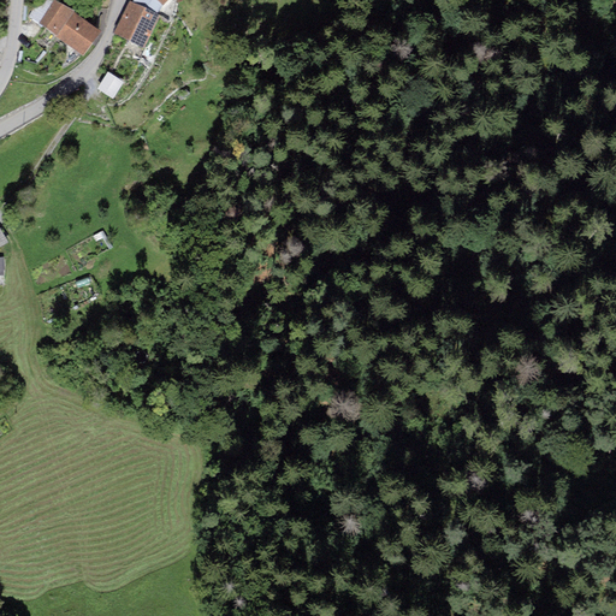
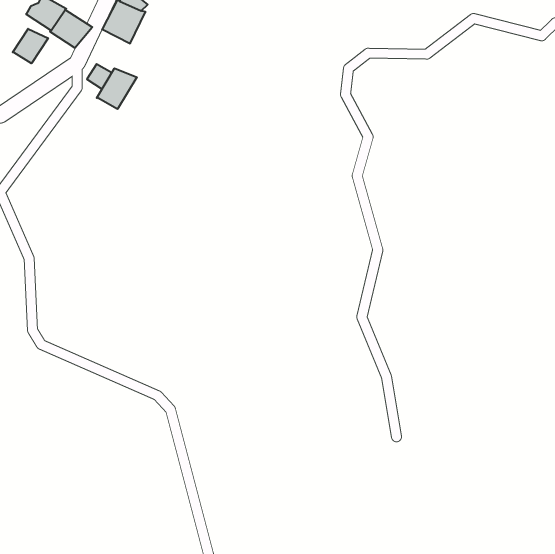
building: none -> [13,29,48,63]
building: none -> [97,68,137,109]

